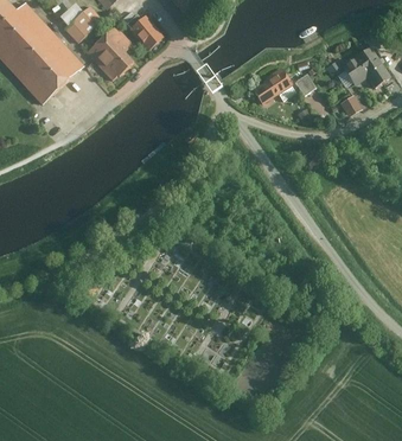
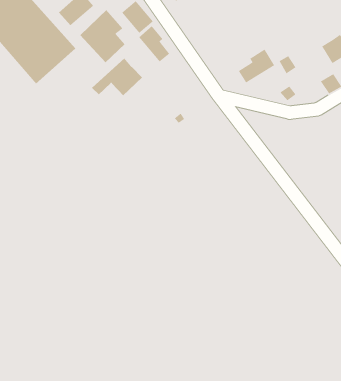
building: none -> [138,25,170,63]
building: none -> [91,57,143,96]

